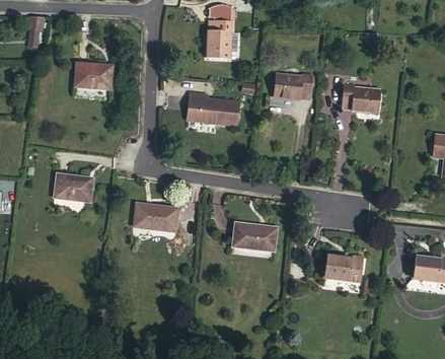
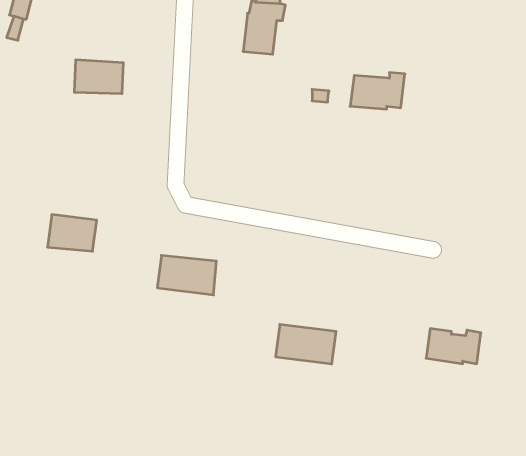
building: [345,81,384,114] -> none
building: [188,88,240,120] -> none
building: [233,223,277,252] -> [276,324,336,364]

